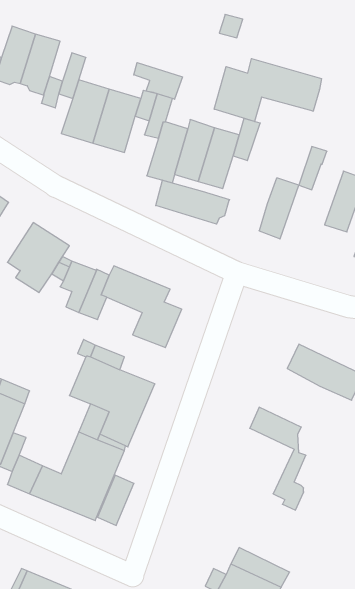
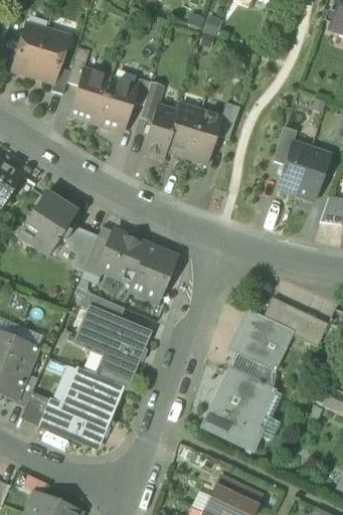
building: [214,59,322,122] -> none
building: [134,63,182,99] -> none
building: [259,178,299,239] -> [278,142,312,194]
building: [156,180,230,224] -> none
building: none -> [231,311,292,368]
building: none -> [206,369,270,450]
building: [98,475,134,525] -> [53,365,84,408]

